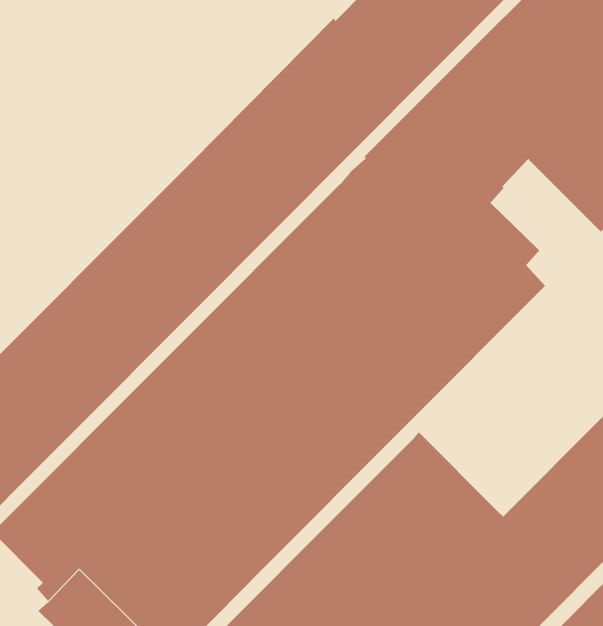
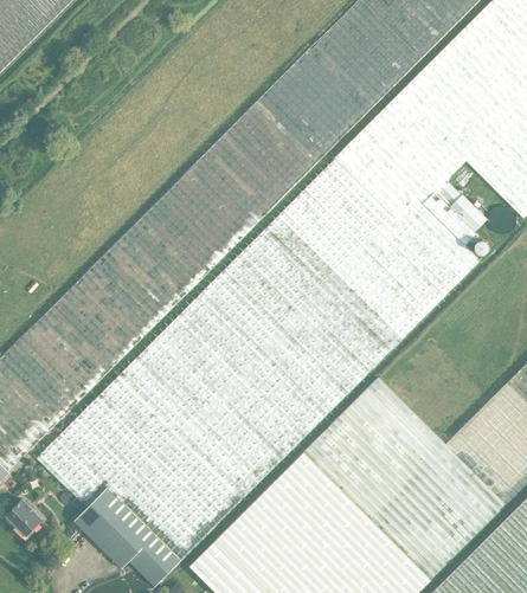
building: none -> [436,183,487,232]

